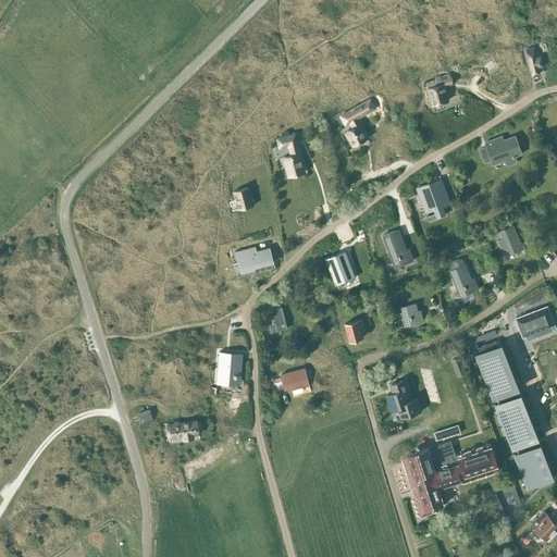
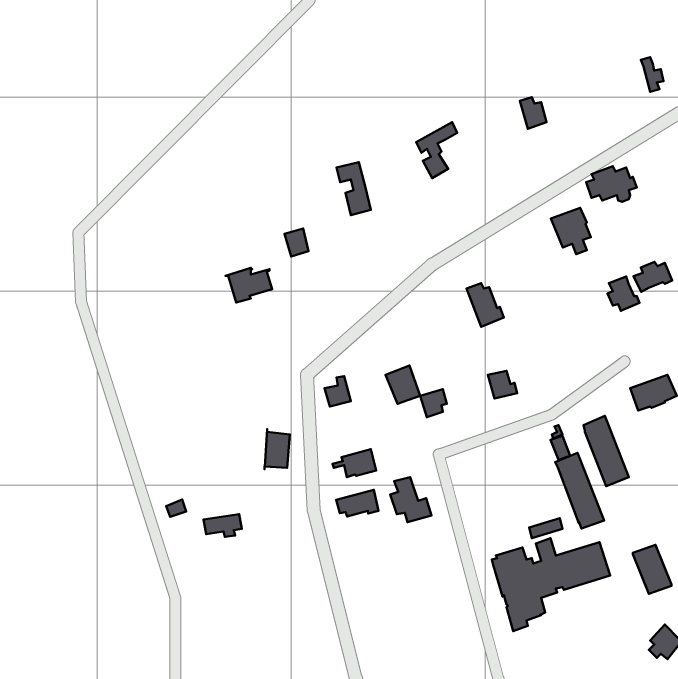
building: [417,180,449,218] -> [551,208,591,254]
building: none -> [633,262,672,292]
building: [235,246,273,274] -> [225,268,272,303]
building: [326,251,355,283] -> [386,365,420,404]
building: [449,258,479,297] -> none
building: [387,381,421,418] -> [390,477,432,522]
building: [497,391,537,453] -> [555,453,604,528]
building: none -> [336,490,379,517]

